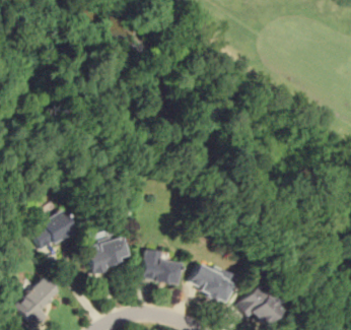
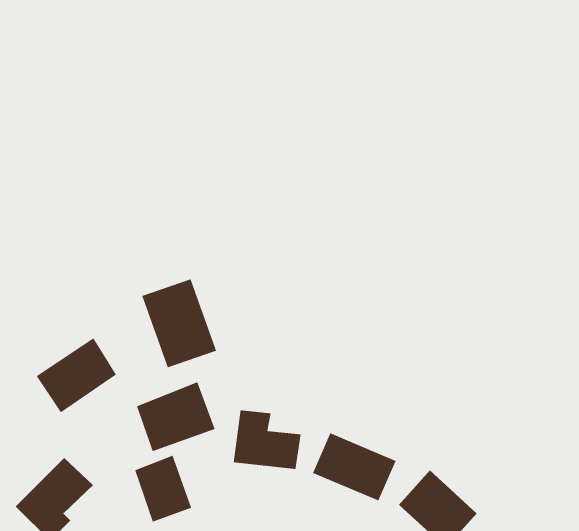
building: none -> [141,279,217,368]
building: none -> [135,455,192,522]

